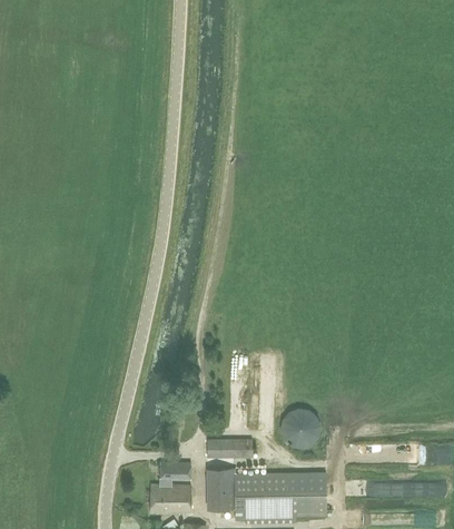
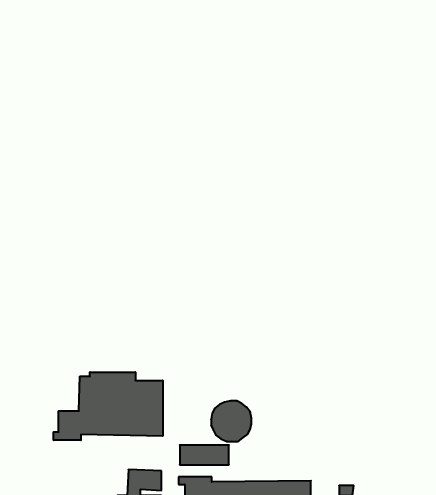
building: none -> [54,372,163,440]
building: [282,409,318,445] -> [211,401,251,441]

